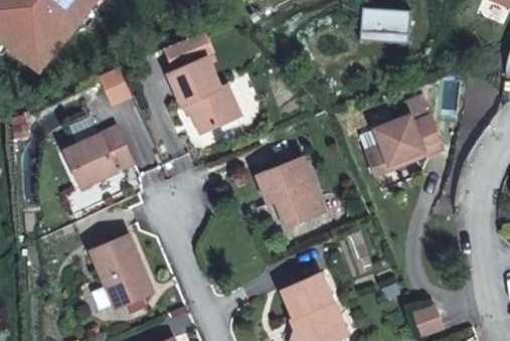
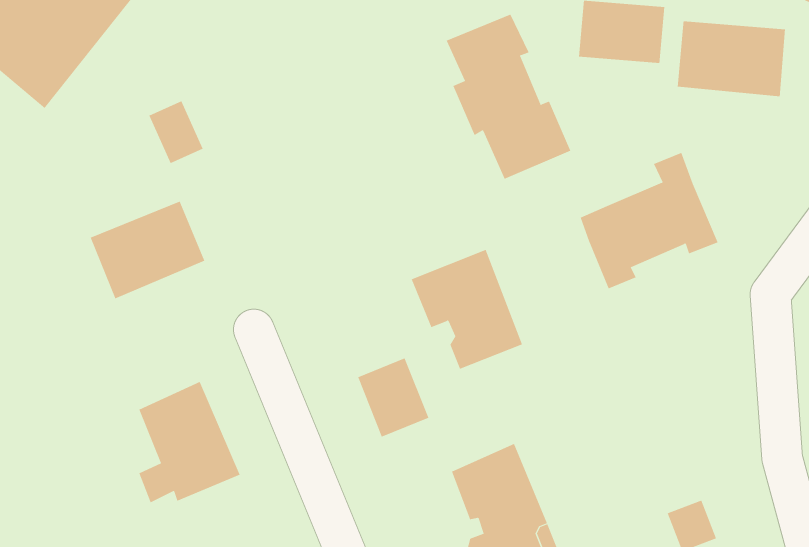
building: none -> [677,21,786,97]
building: [166,31,241,131] -> [446,14,571,179]
building: none -> [357,358,429,437]

